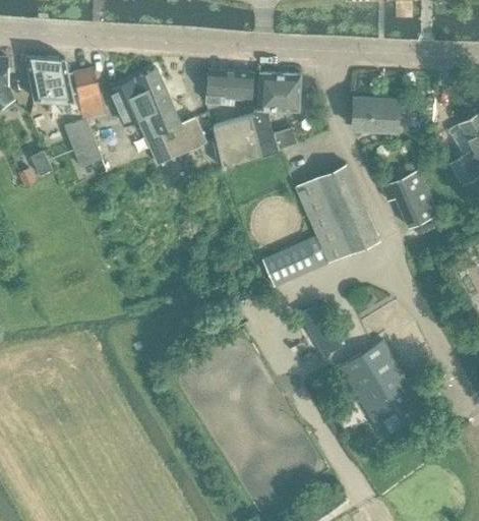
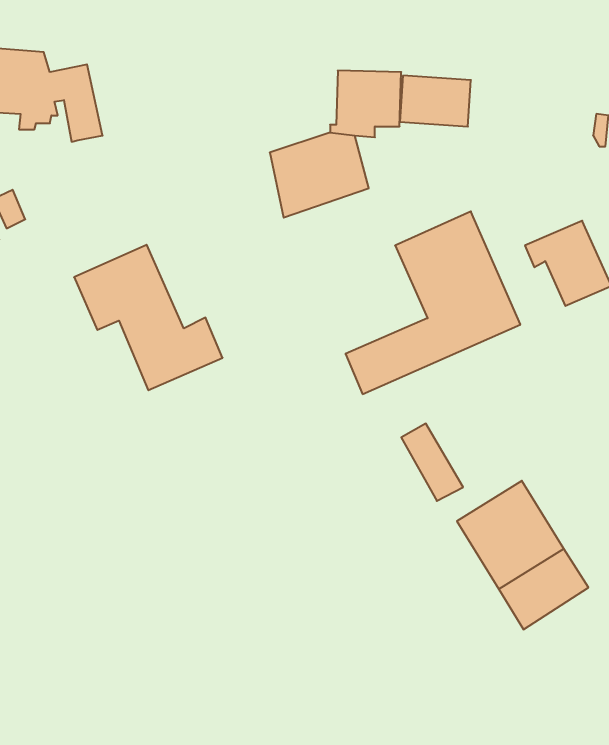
building: [109,69,206,165] -> [74,245,223,390]
building: [205,71,252,107] -> none
building: [352,98,399,131] -> [400,76,471,127]
building: [65,119,103,167] -> none

